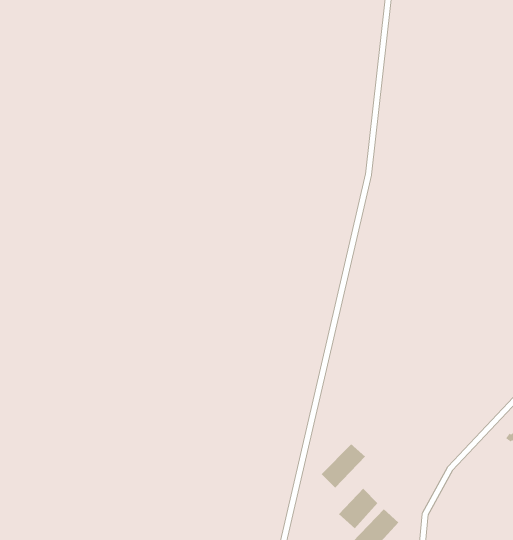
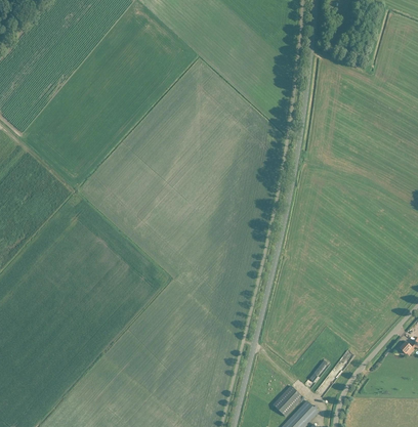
building: [321,444,366,489] -> none

